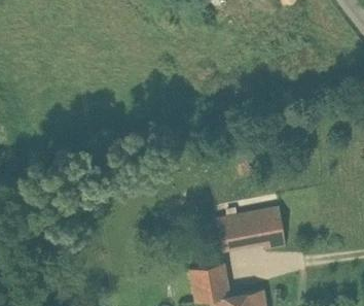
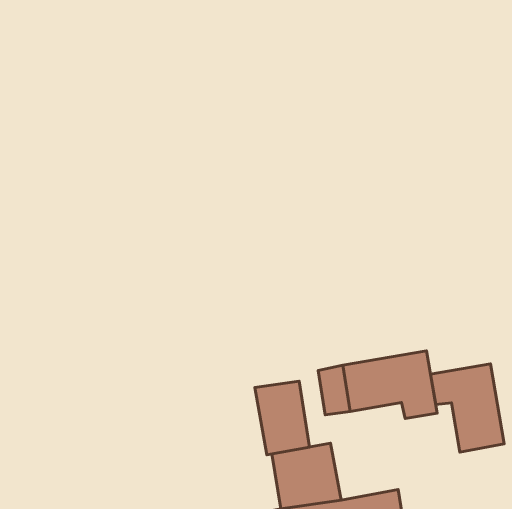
building: none -> [430,364,504,452]
building: none -> [255,381,309,455]

